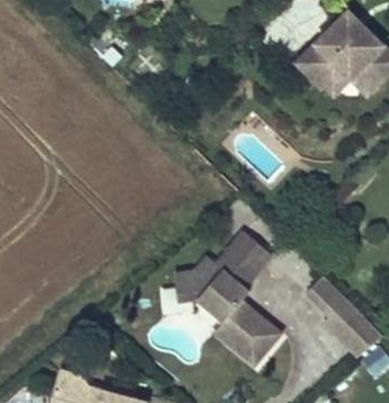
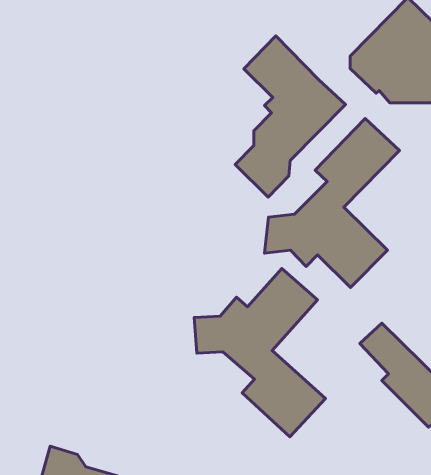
building: none -> [235,36,345,197]
building: none -> [264,118,399,287]

